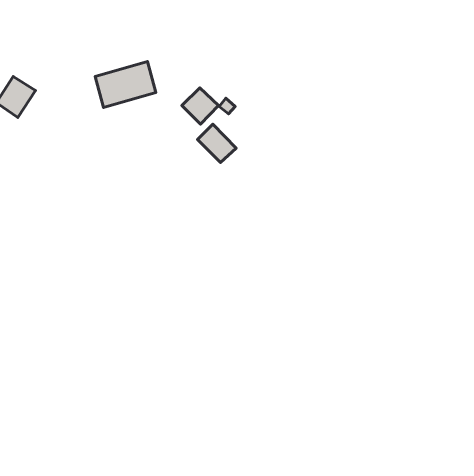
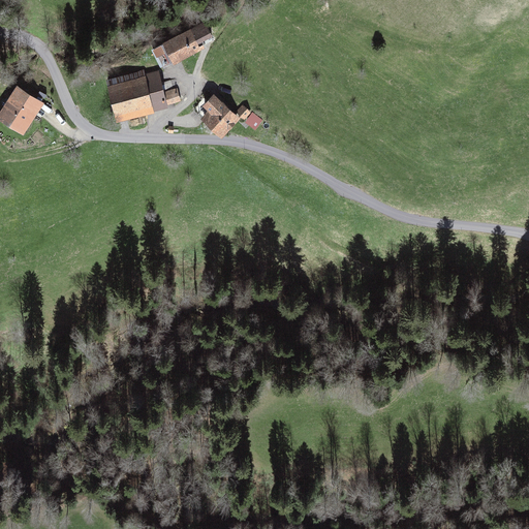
building: none -> [151,24,209,69]
building: [198,124,236,163] -> none

